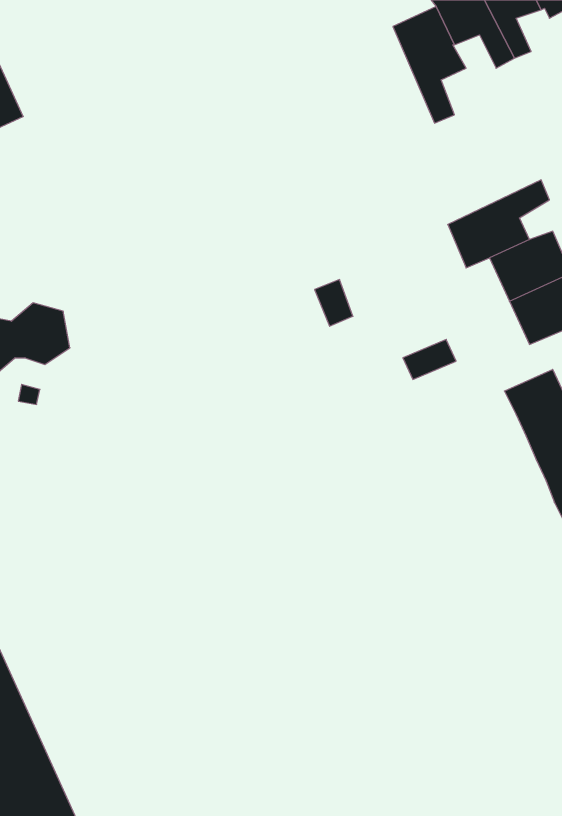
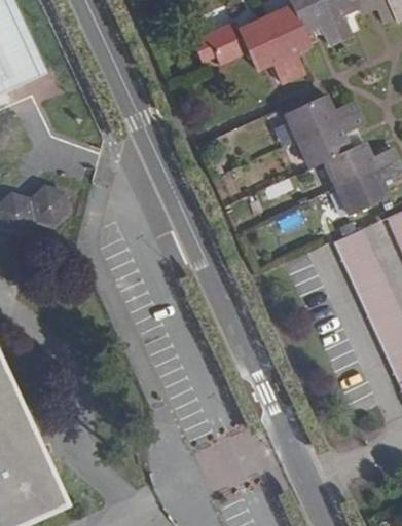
building: none -> [194,16,291,80]
building: none -> [287,95,357,139]

